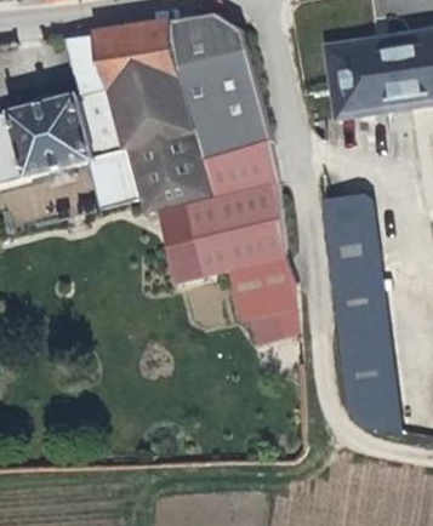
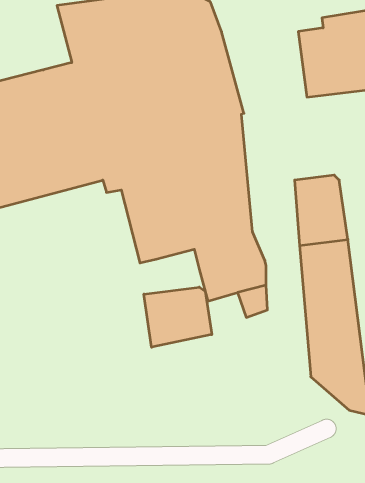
building: [65,29,107,92] -> none
building: none -> [144,287,212,347]

